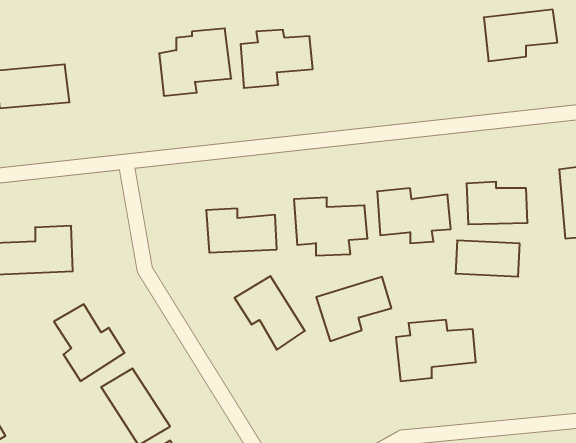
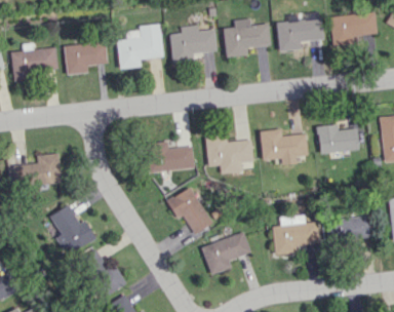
building: none -> [223,18,271,57]
building: none -> [276,18,324,51]
building: none -> [65,43,107,75]
building: [455,240,520,277] -> [328,217,370,240]
building: [316,277,391,341] -> [201,233,250,275]

